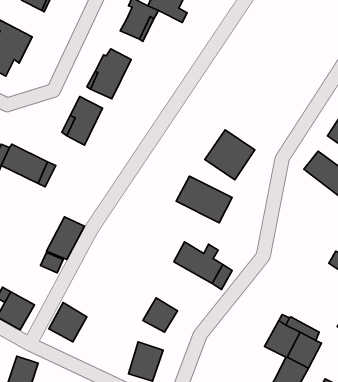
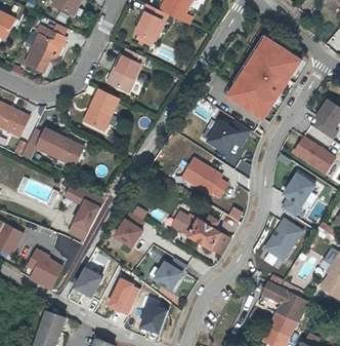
building: none -> [222,37,299,122]
building: none -> [277,172,315,213]
building: none -> [115,208,146,245]
building: none -> [264,219,303,262]
building: none -> [107,278,139,315]

